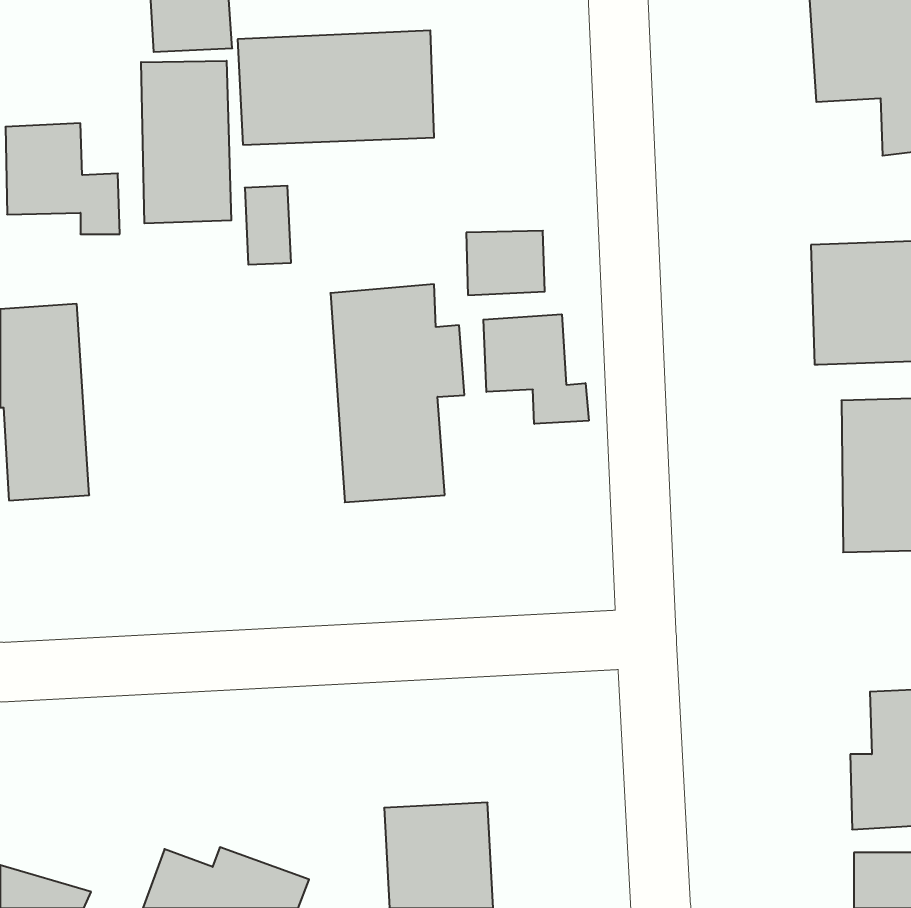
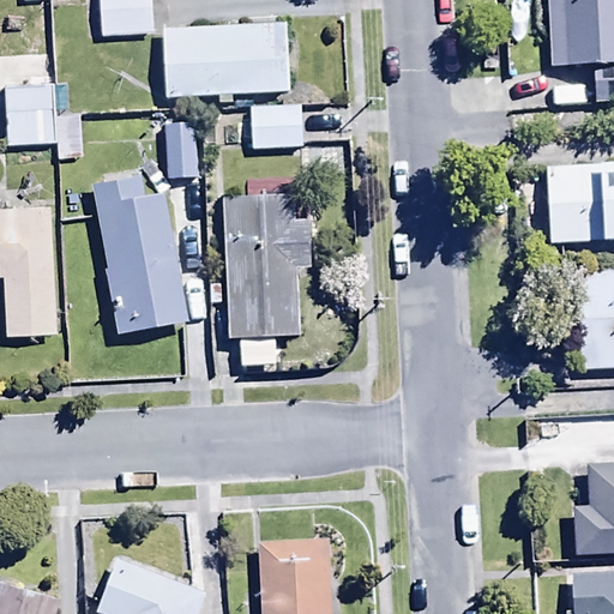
building: [141,61,231,223] -> none
building: [466,231,545,295] -> [248,108,301,151]
building: none -> [95,177,188,333]
building: [483,314,589,424] -> none

